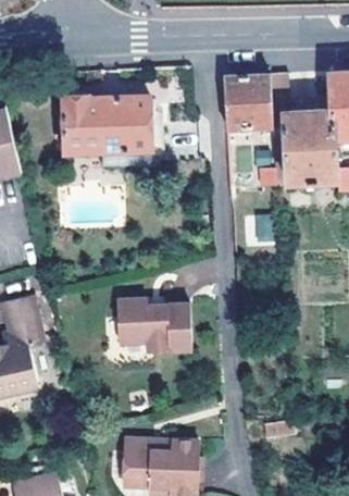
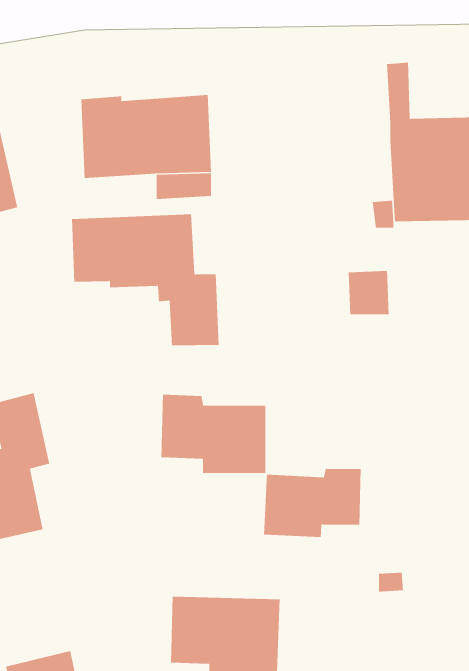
building: [225,74,273,128] -> none
building: none -> [71,213,219,346]
building: none -> [263,468,362,538]

